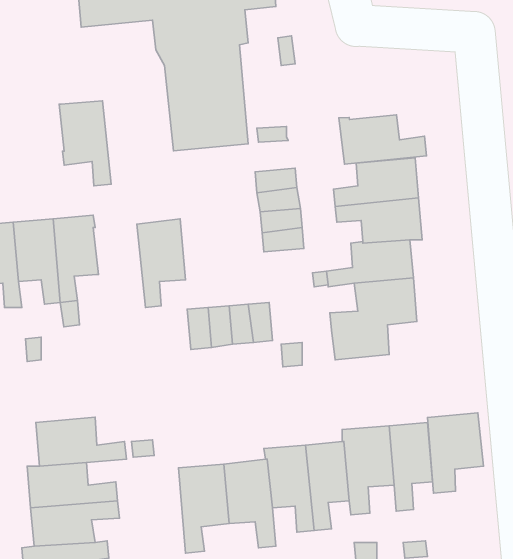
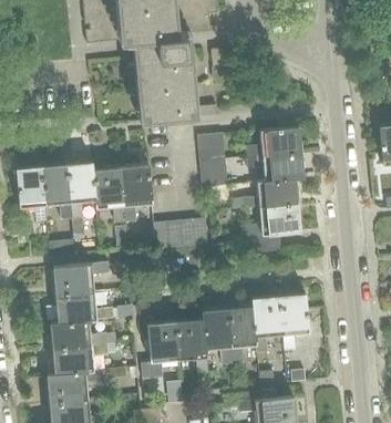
building: [59,101,111,186] -> [92,168,125,223]
building: [339,115,426,164] -> none
building: none -> [52,262,109,295]
building: [427,413,483,493] -> none

